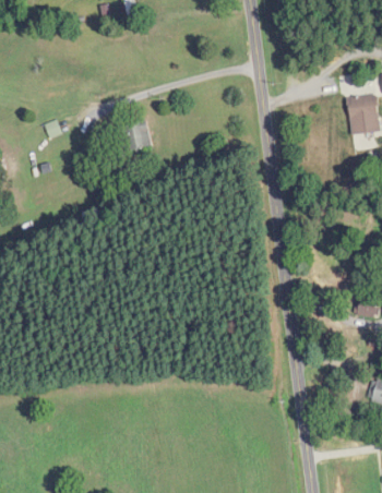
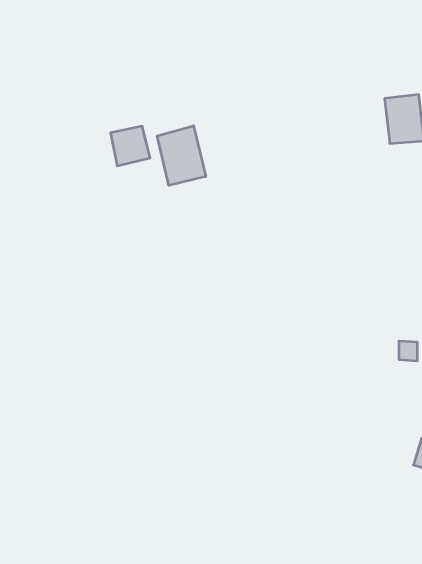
building: none -> [157,126,206,185]

